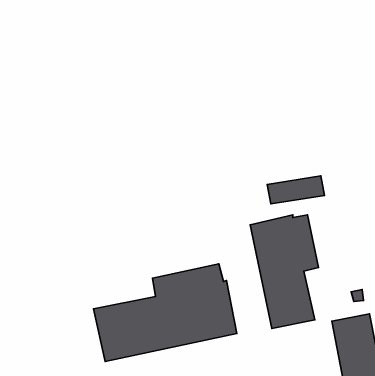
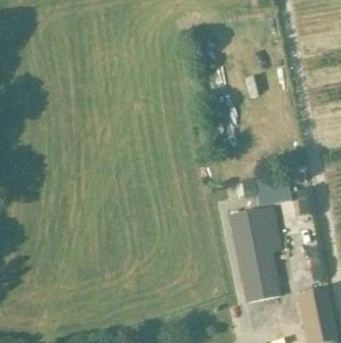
building: [93,264,237,361] -> none

